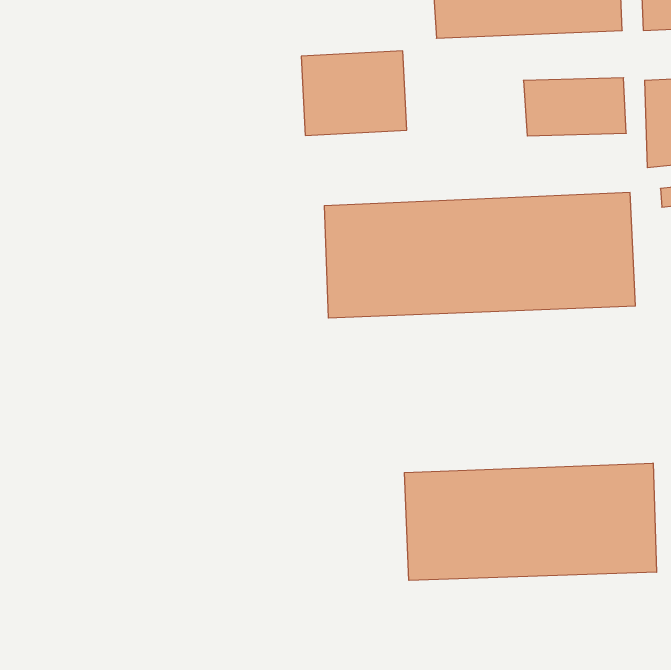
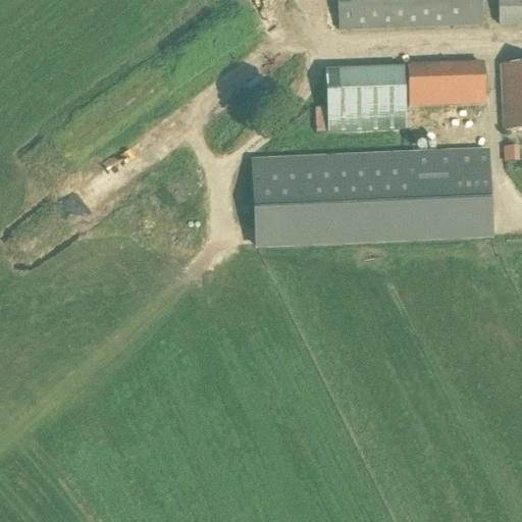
building: [301,51,407,135] -> [325,62,407,127]
building: [404,463,657,580] -> none

